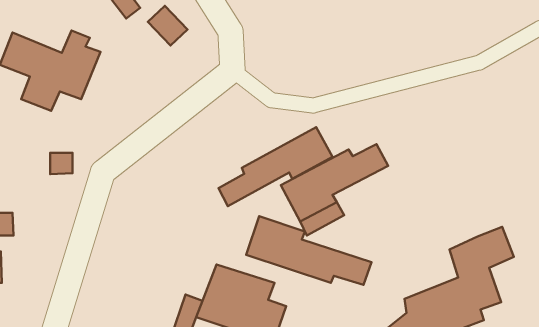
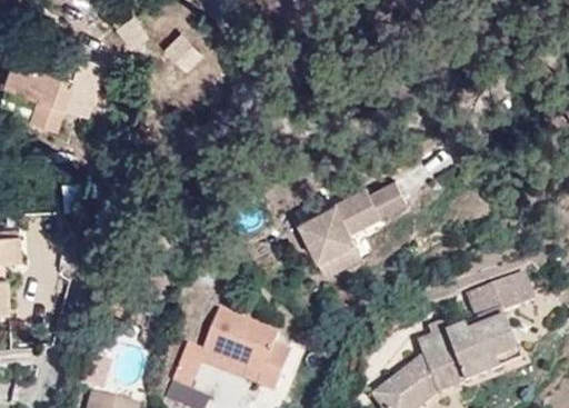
building: [219,127,333,206] -> none
building: [246,216,371,285] -> none

